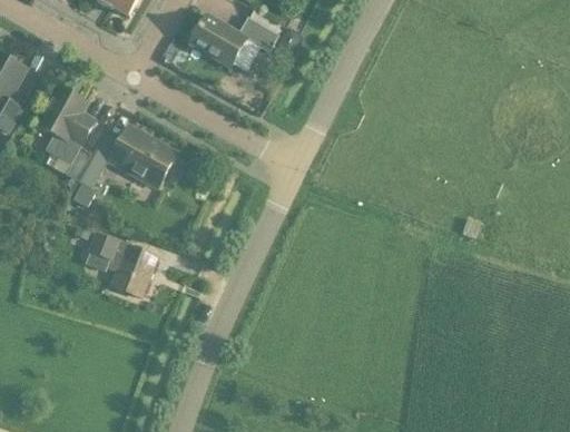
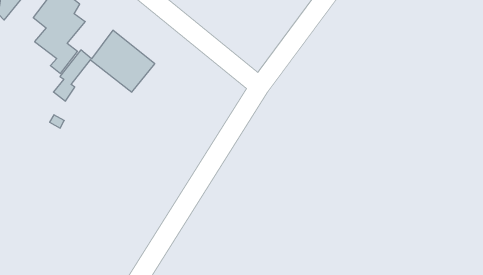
building: [87,229,157,296] -> none

